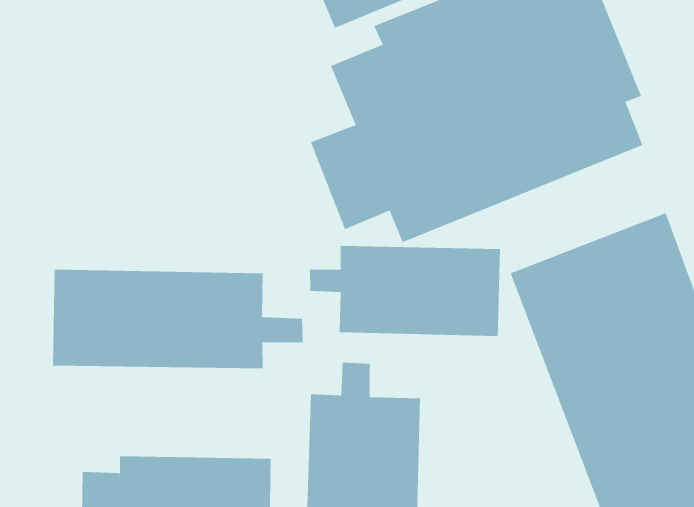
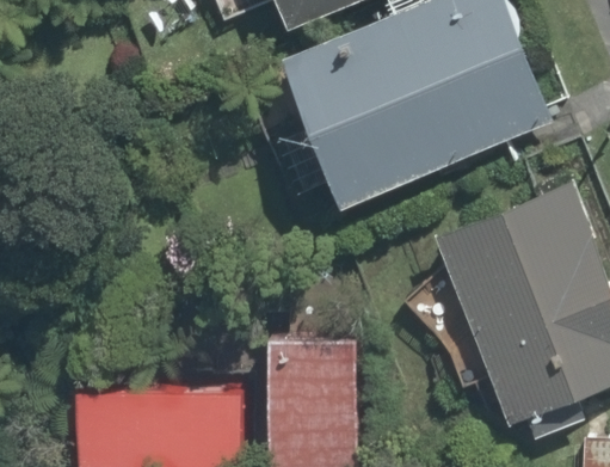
building: [310,245,501,337] -> none
building: [52,269,303,369] -> none

